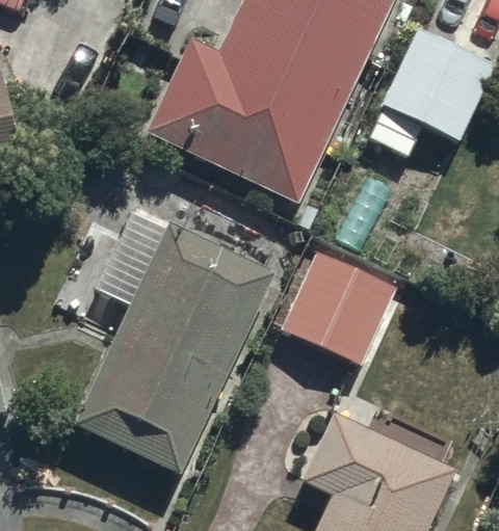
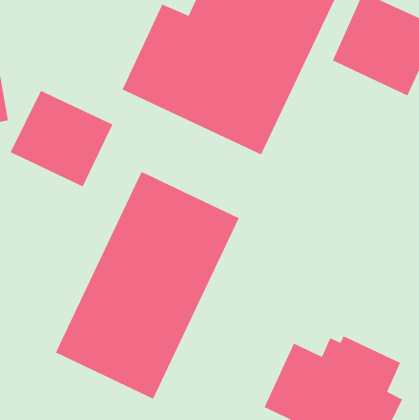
building: none -> [9,90,113,188]
building: [278,248,397,366] -> none

